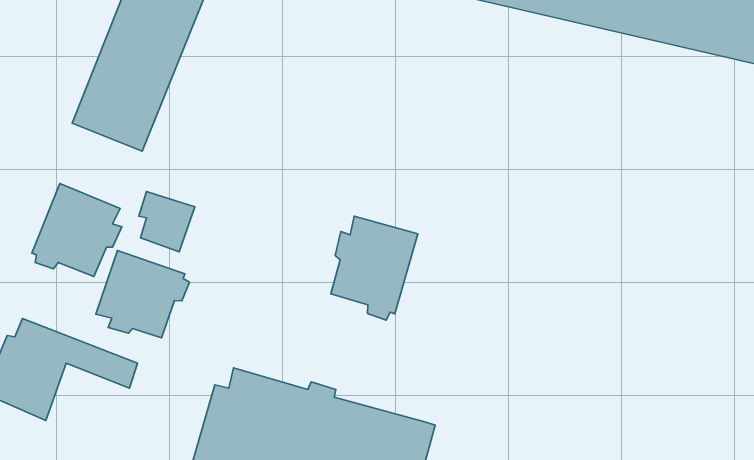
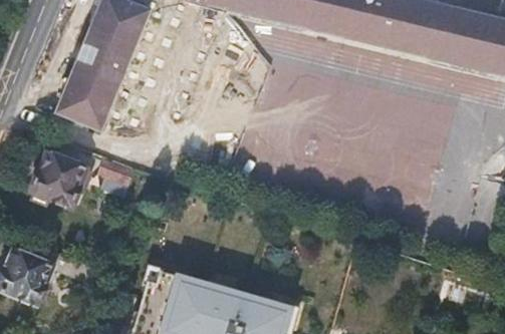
building: [331,216,418,320] -> none
building: [96,251,190,338] -> none

